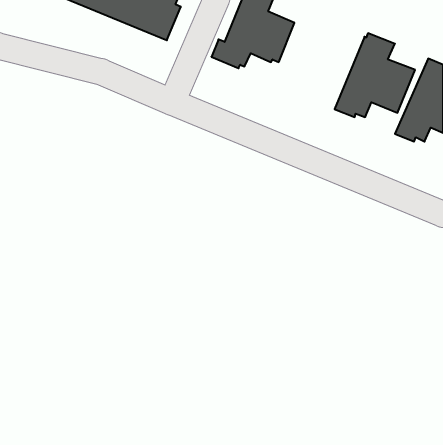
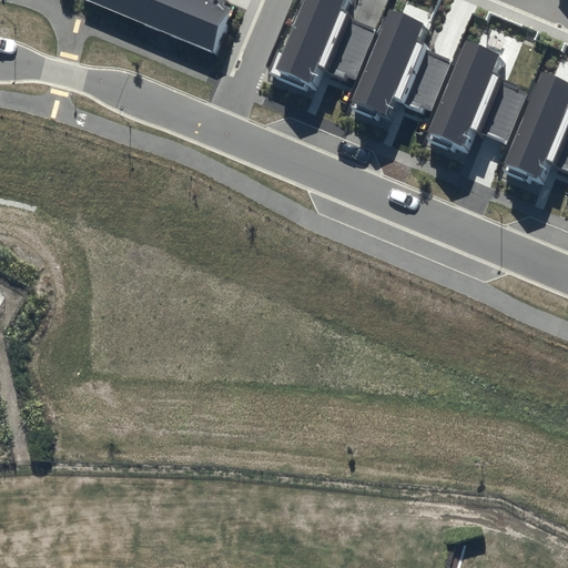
building: none -> [349,10,450,118]

